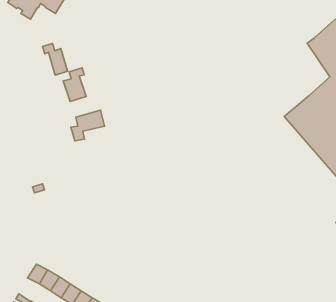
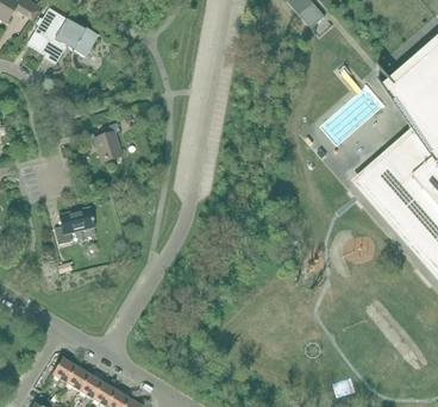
building: [43,43,68,75] -> none
building: [71,110,104,141] -> [54,206,94,243]

